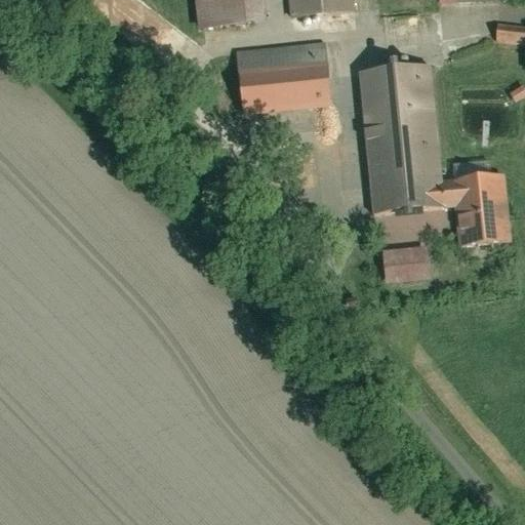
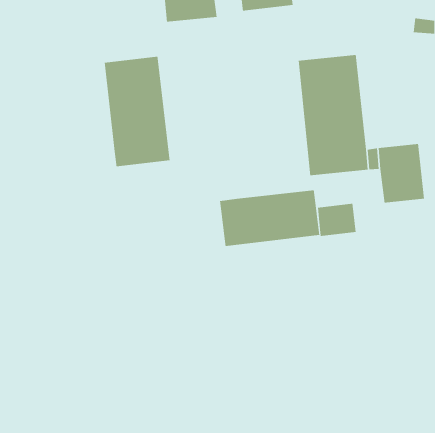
building: [237,41,331,114] -> none
building: none -> [104,56,170,167]
building: none -> [220,189,320,247]

